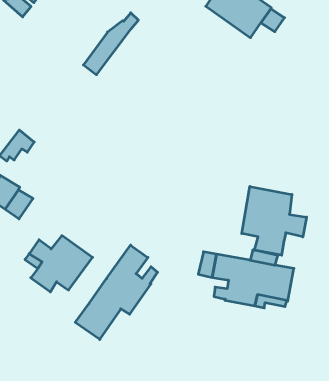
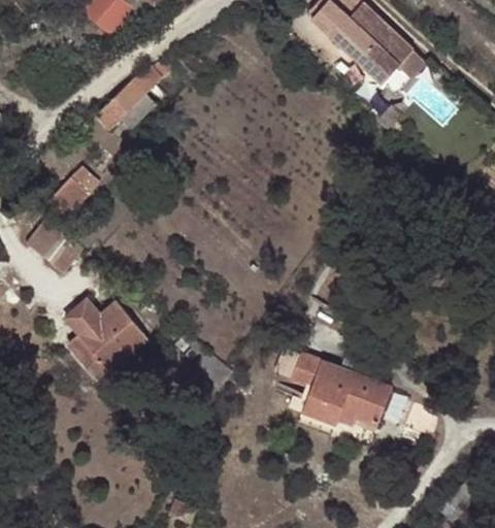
building: [83,13,138,75] -> [96,58,171,128]
building: [242,186,307,255] -> none
building: [75,245,158,340] -> none

